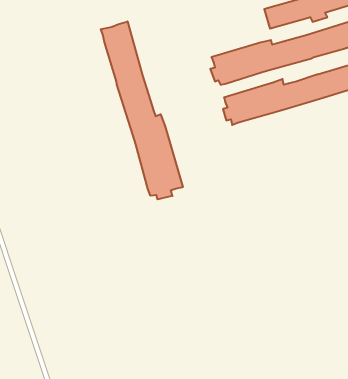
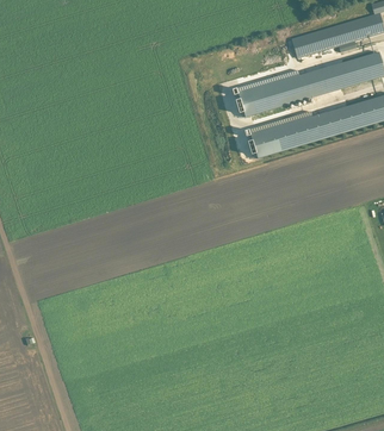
building: [101,21,183,199] -> none

